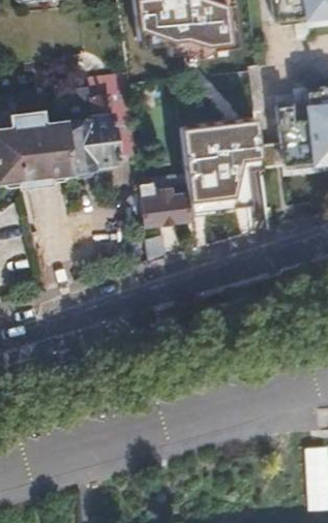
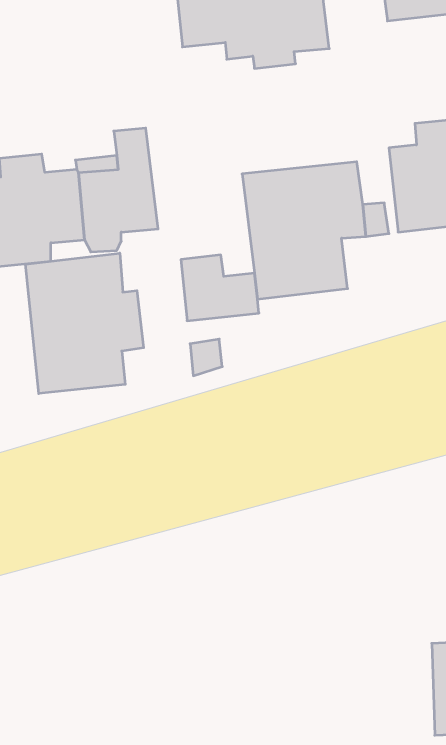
building: none -> [26,253,144,394]

